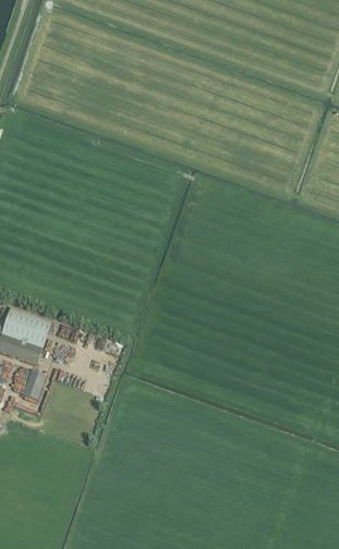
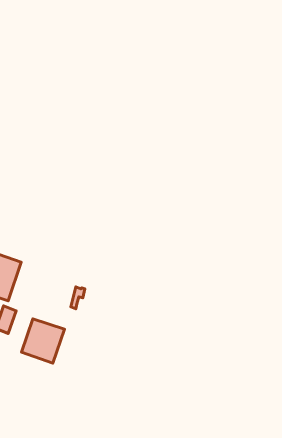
building: none -> [21,319,65,363]

